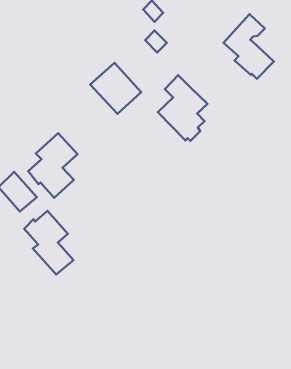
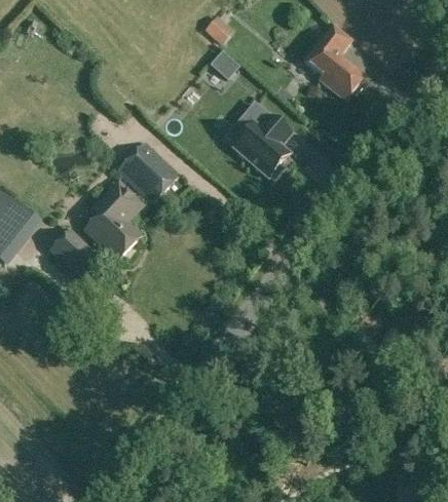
building: [90,63,141,114] -> [118,142,179,201]
building: [24,211,74,275] -> none

